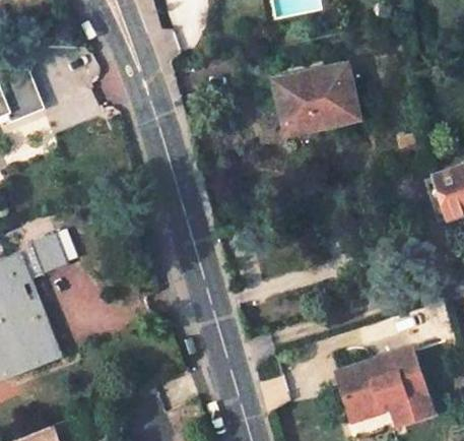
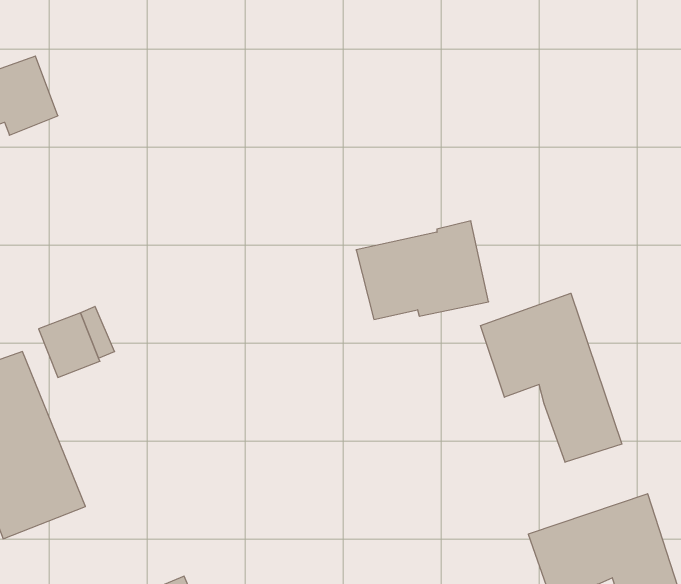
building: [273,66,356,128] -> [356,221,489,319]
building: none -> [481,293,622,462]

